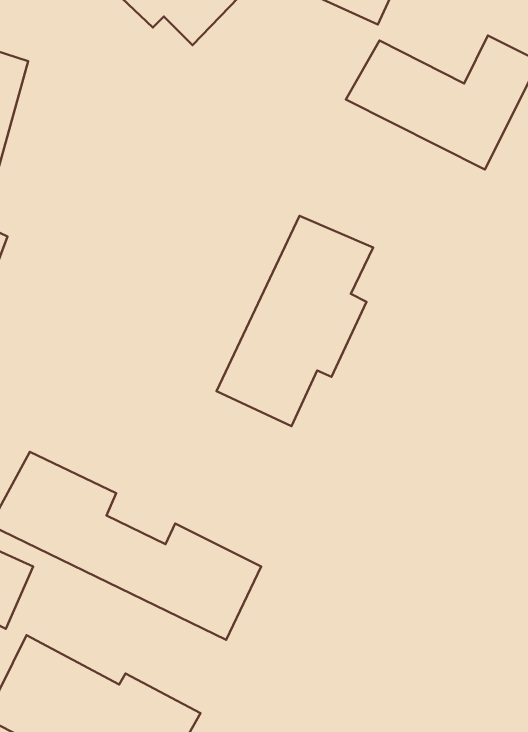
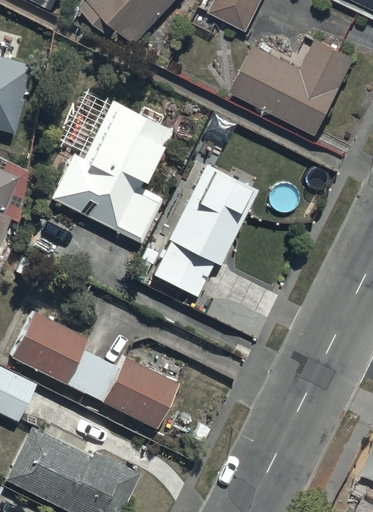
building: none -> [52,90,169,244]

